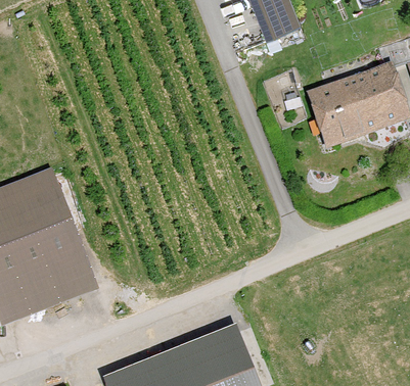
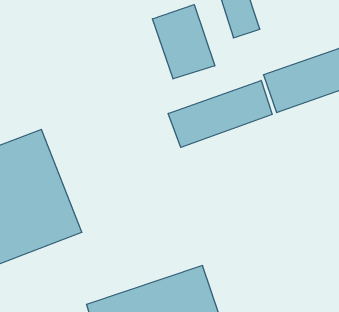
building: none -> [152,5,215,79]
building: none -> [168,80,272,147]

